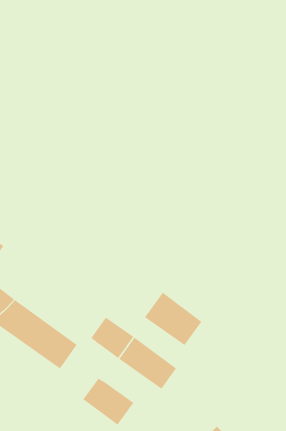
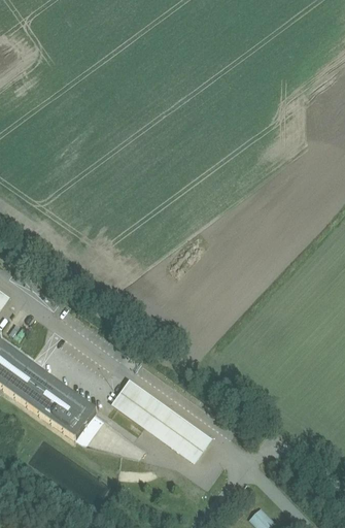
building: [144,292,202,346] -> none
building: [83,378,134,426] -> none

